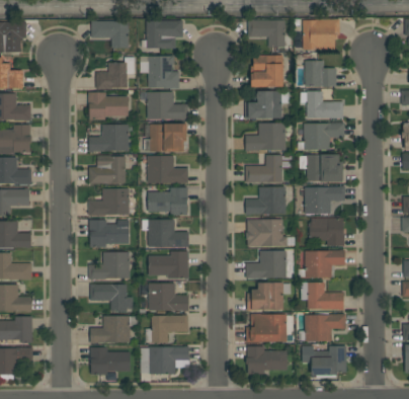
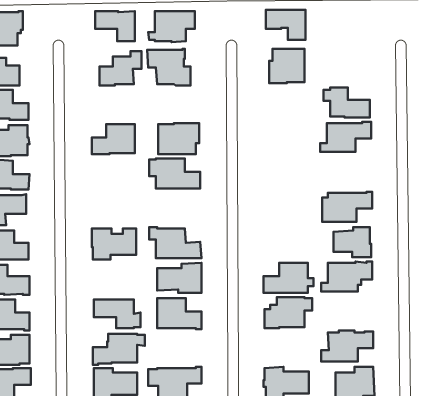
building: [303,19,339,51] -> none
building: [304,61,335,87] -> none
building: [244,91,289,119] -> none
building: [87,92,128,121] -> none
building: [146,92,187,119] -> none
building: [245,123,285,152] -> none
building: [245,155,292,183] -> none
building: [306,155,342,182] -> none
building: [88,156,125,184] -> none
building: [147,187,187,216] -> none
building: [245,187,285,215] -> none
building: [88,188,129,217] -> none
building: [245,220,287,247] -> none
building: [88,252,129,280] -> none
building: [301,283,343,311] -> none
building: [245,314,293,344] -> none
building: [145,315,187,343] -> none

